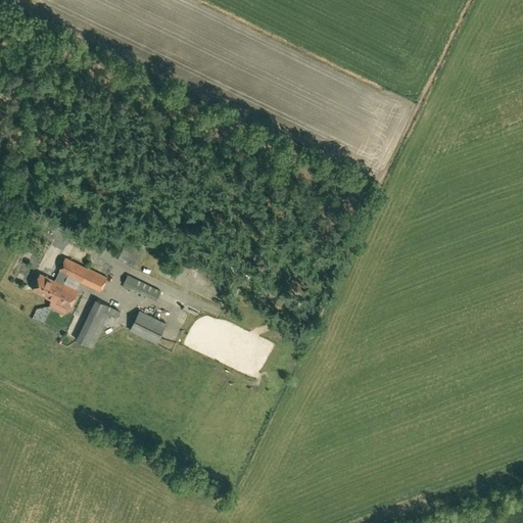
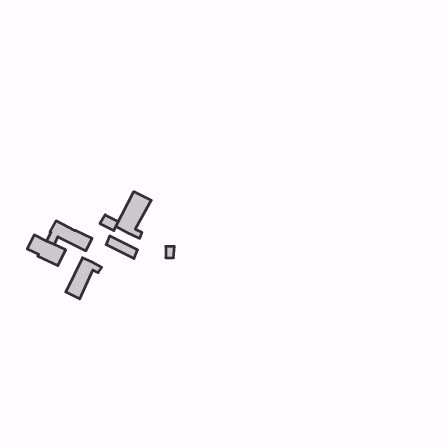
building: none -> [116,192,151,238]
building: [130,312,165,343] -> none

